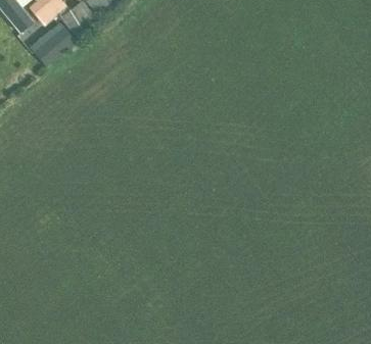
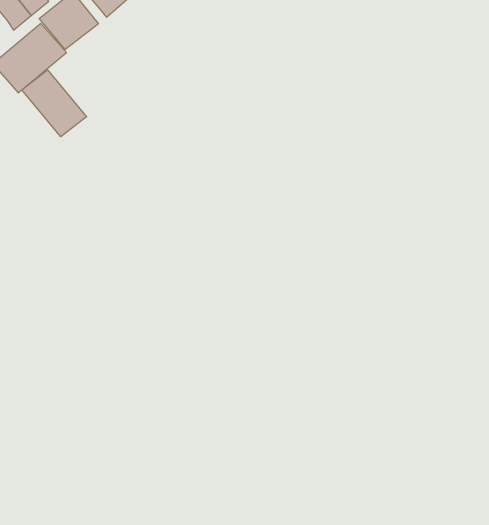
building: none -> [22,70,87,137]

